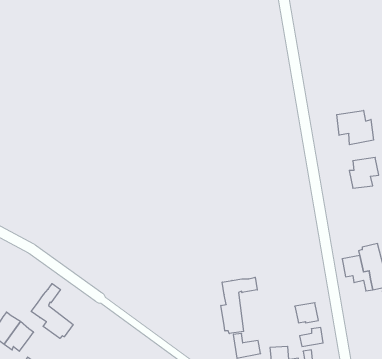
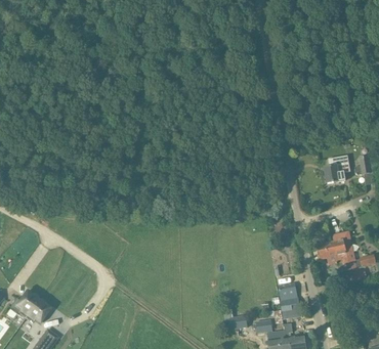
building: [337,110,373,145] -> none
building: [221,277,257,334] -> none
building: [31,284,73,338] -> none

